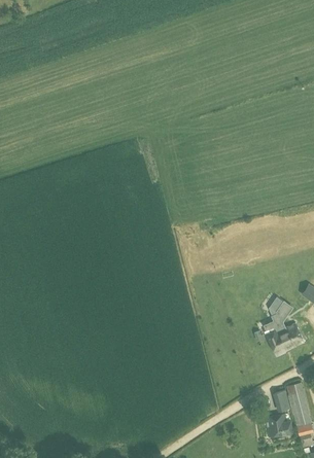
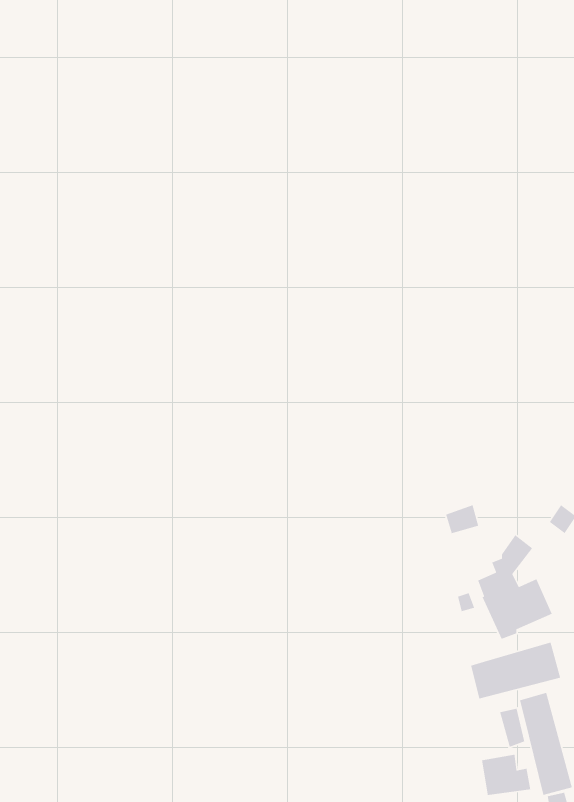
building: none -> [470,641,561,700]

